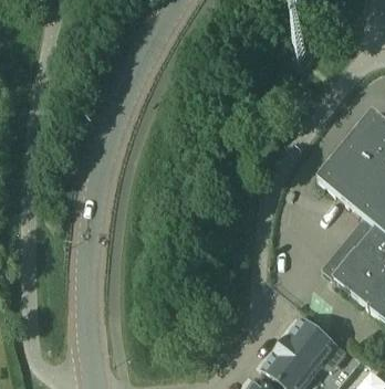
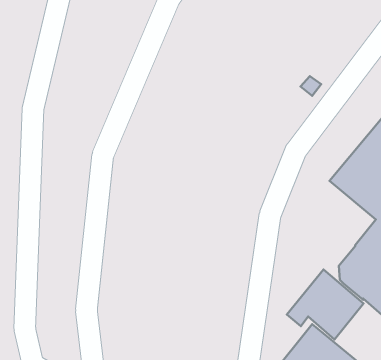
building: none -> [287,270,364,340]

